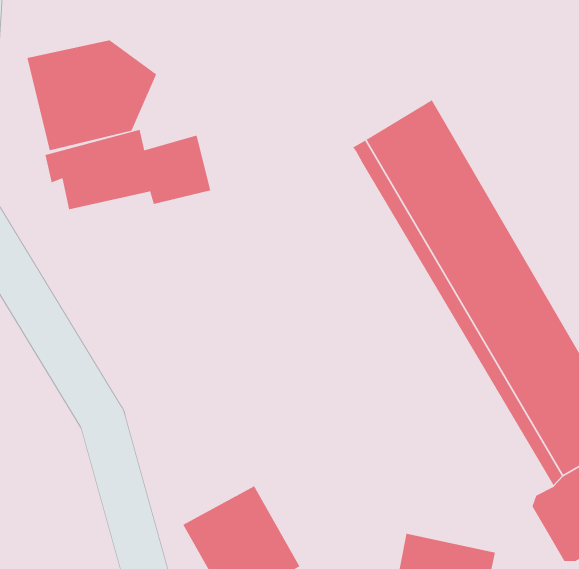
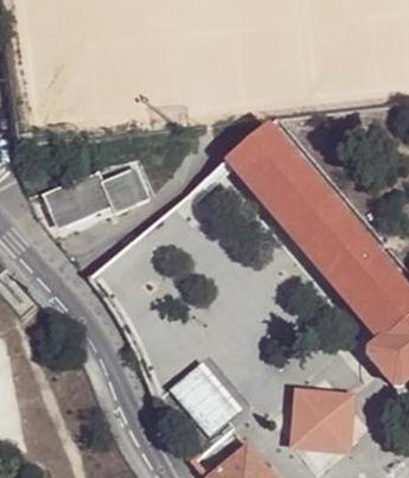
building: [26,40,157,151] -> none

